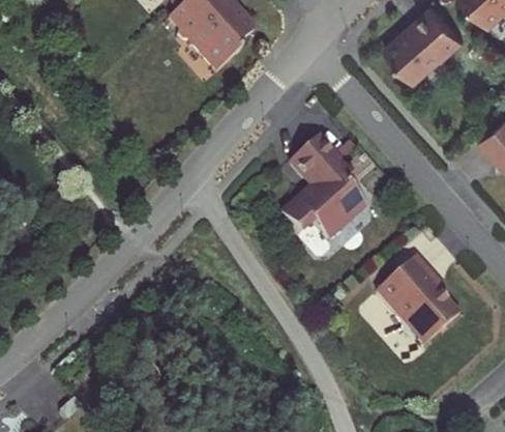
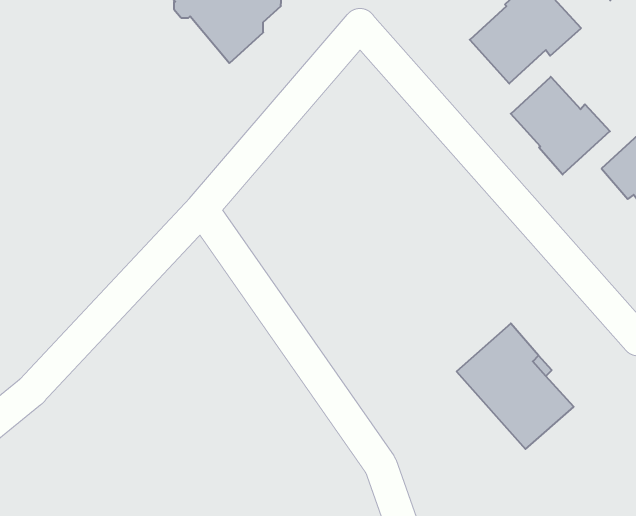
building: none -> [511,77,610,175]
building: [281,137,364,238] -> none

